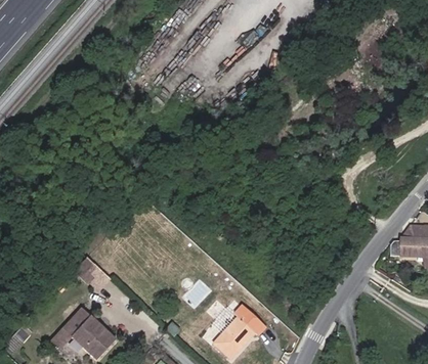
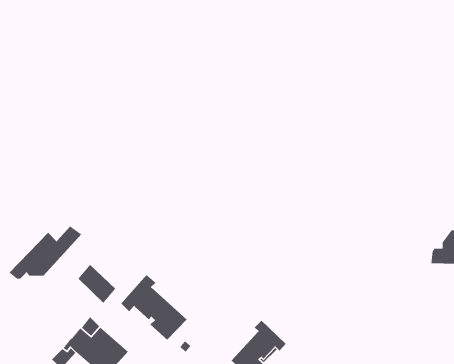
building: none -> [9,225,82,279]
building: none -> [121,274,187,341]

